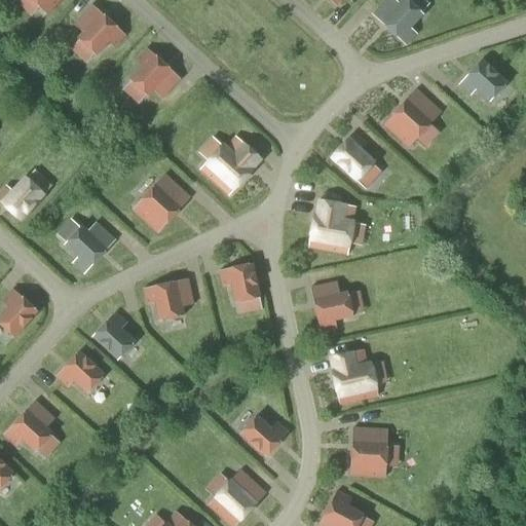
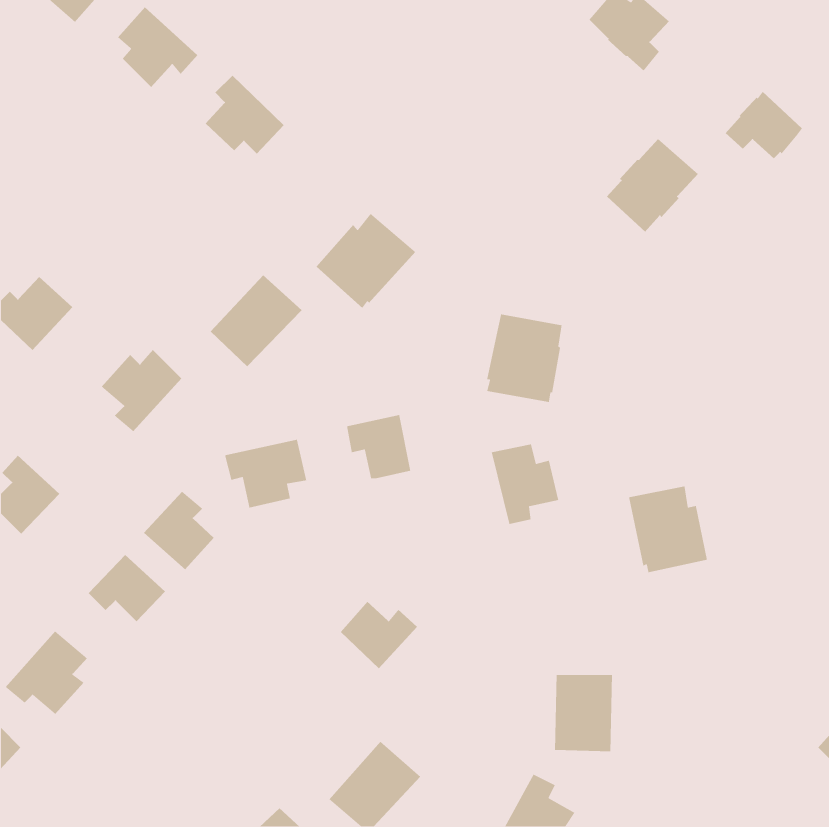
building: [330,130,377,183] -> none
building: [329,348,379,404] -> [628,486,708,573]
building: [240,414,290,457] -> [340,601,418,669]

